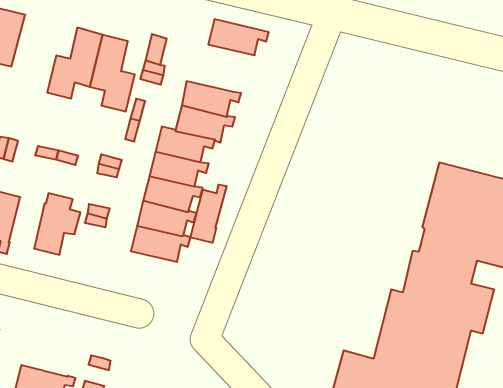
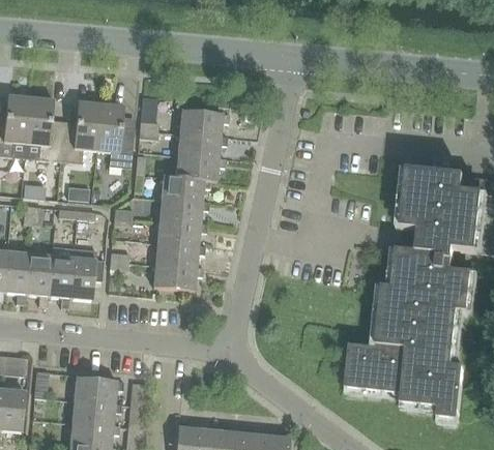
building: none -> [25,96,62,160]
building: [208,19,269,55] -> [178,110,229,136]
building: [190,185,227,243] -> none
building: none -> [46,254,71,307]
building: none -> [72,377,122,403]

